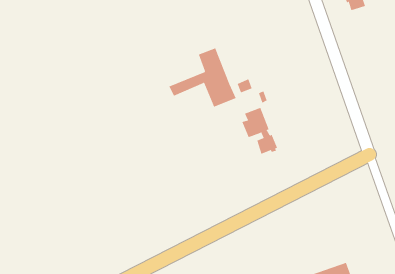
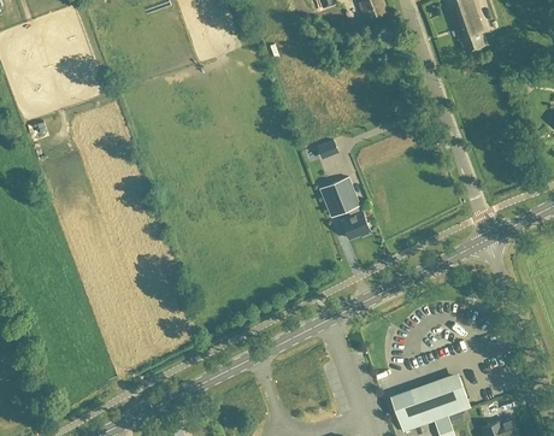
building: [168,48,236,107] -> none

